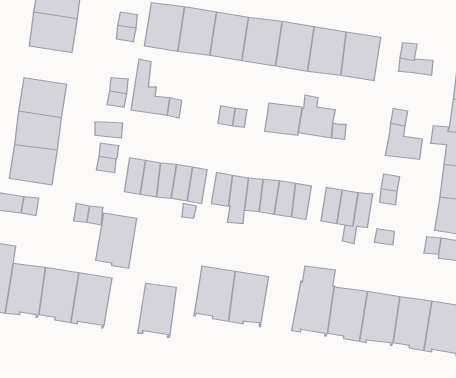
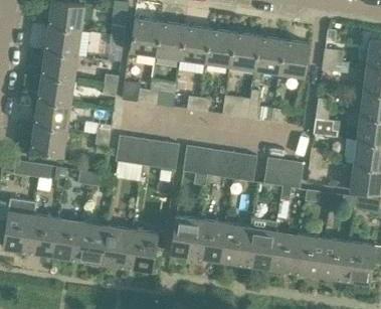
building: none -> [40,50,76,80]
building: [95,213,137,268] -> [101,225,132,267]
building: none -> [218,224,248,265]

